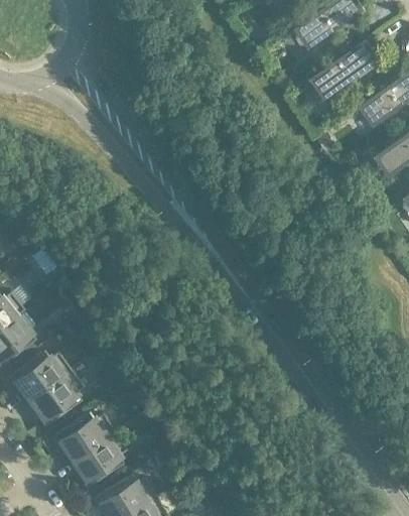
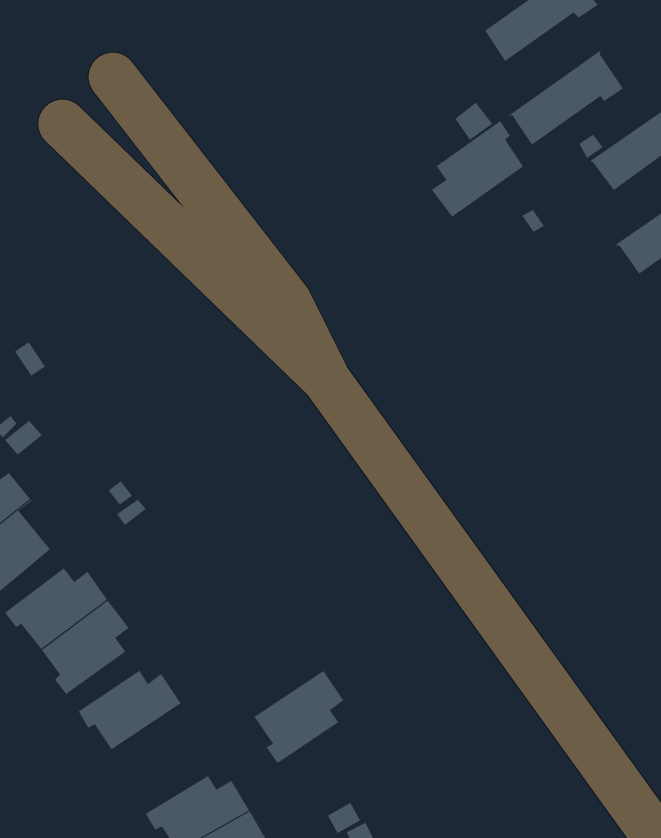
building: none -> [431,120,524,218]
building: [73,433,127,490] -> [254,670,344,764]

